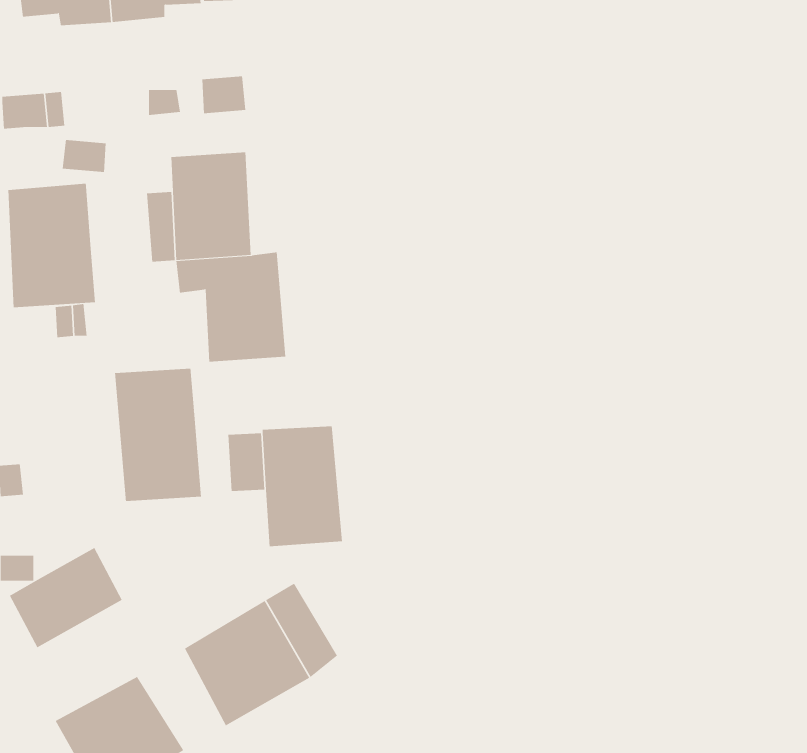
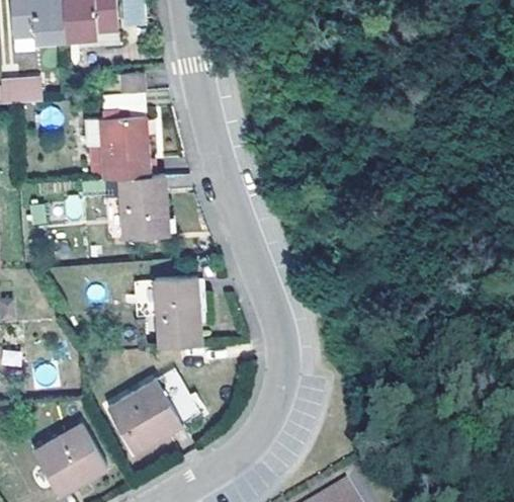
building: [8,183,95,308] -> none
building: [115,368,202,502] -> none
building: [9,547,123,648] -> none

